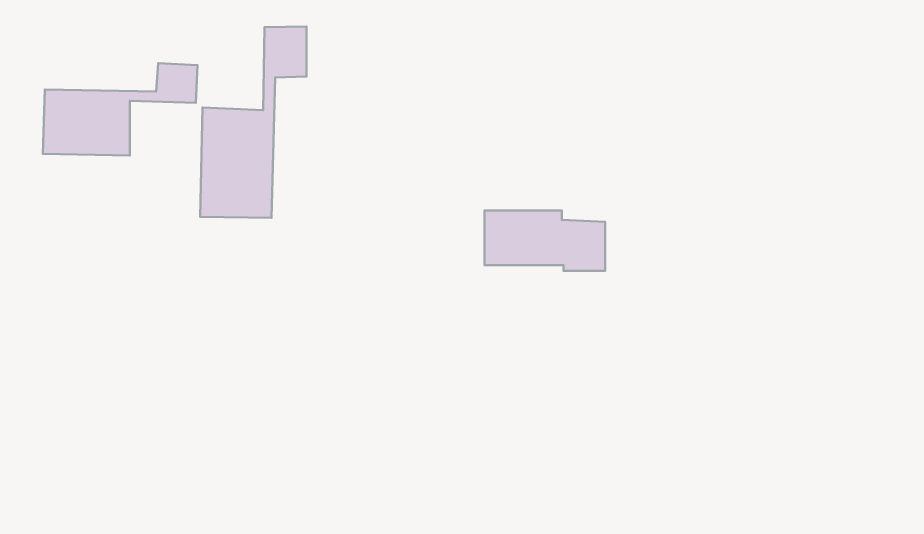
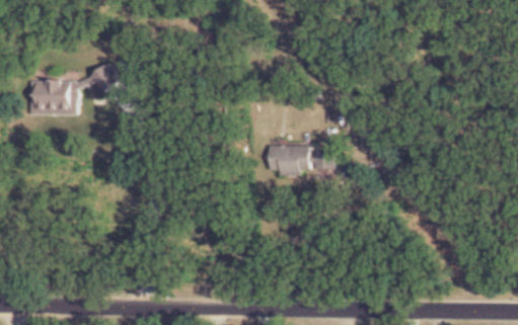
building: [200,27,307,218] -> none

